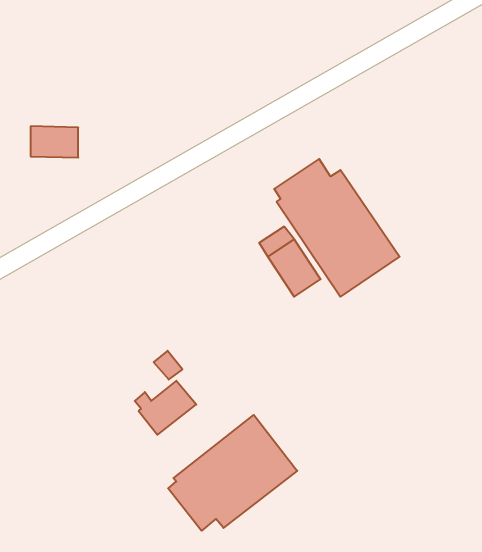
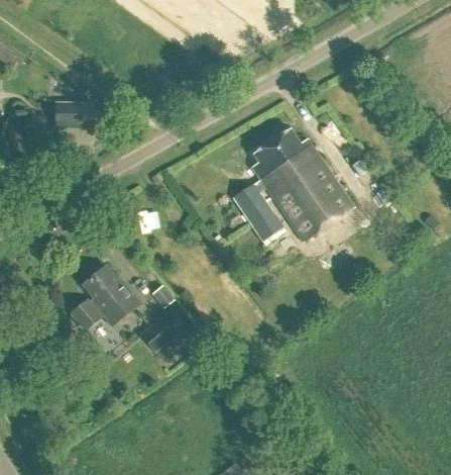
building: none -> [70,265,138,331]
building: [168,415,297,531] -> none

